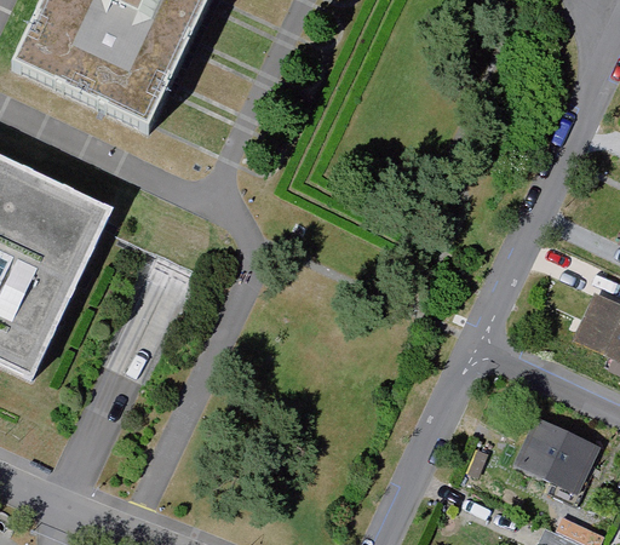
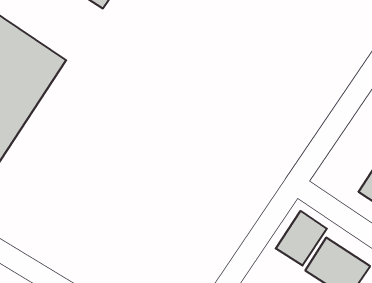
building: none -> [276,211,327,266]

